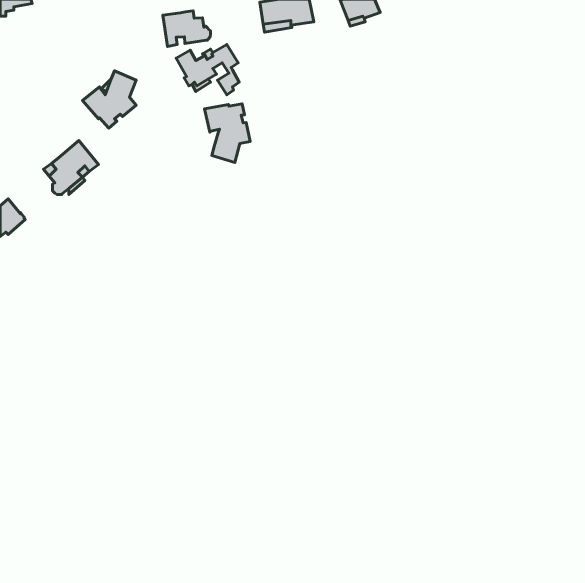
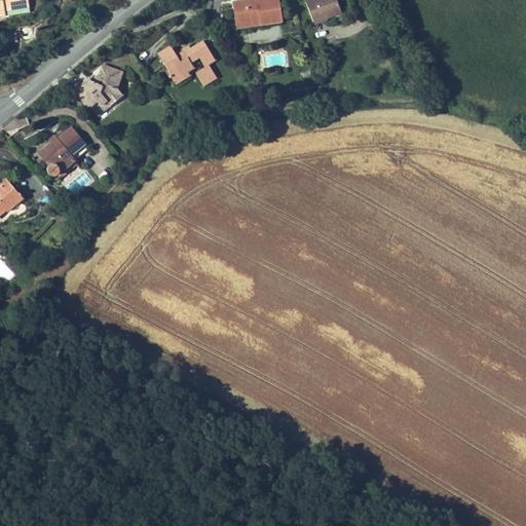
building: [163,11,211,46] -> none
building: [205,104,250,163] -> none

